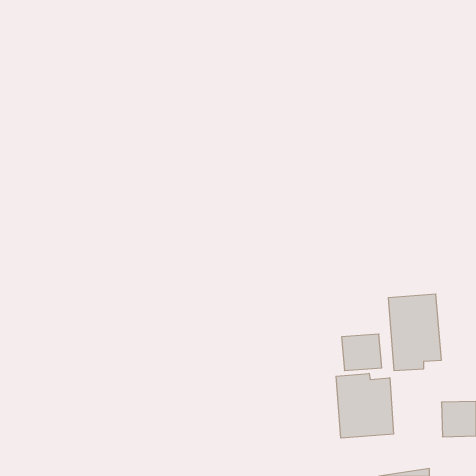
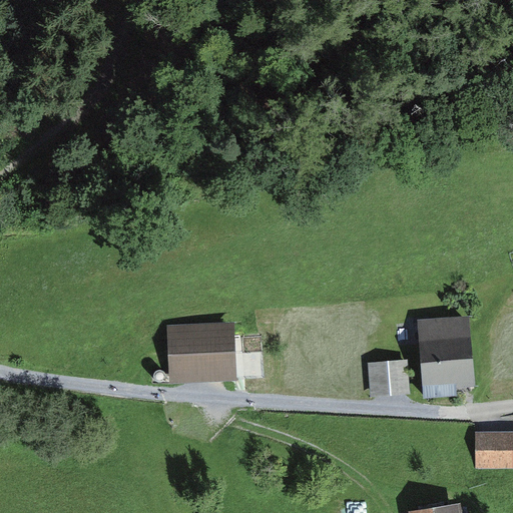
building: none -> [166,323,236,384]
building: [336,373,393,438] -> none

